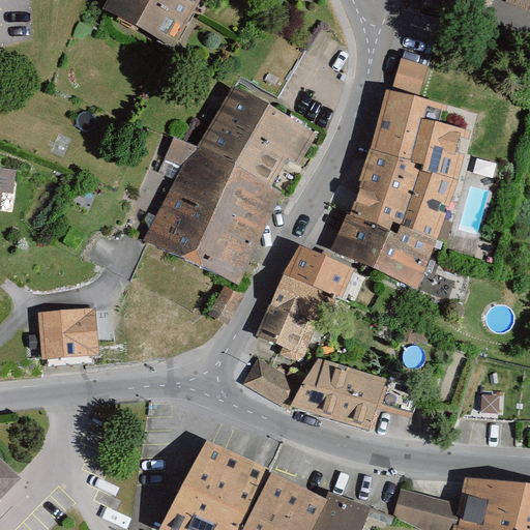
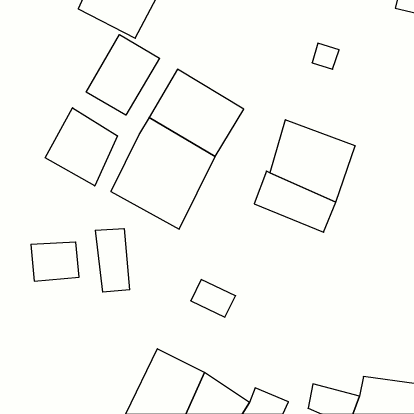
building: none -> [86,35,160,115]
building: [365,93,462,185] -> none
building: none -> [45,108,117,186]
building: [257,247,348,360] -> none
building: none -> [95,229,130,292]
building: [299,358,392,425] -> none

